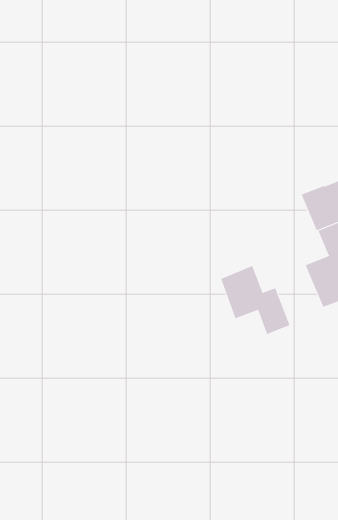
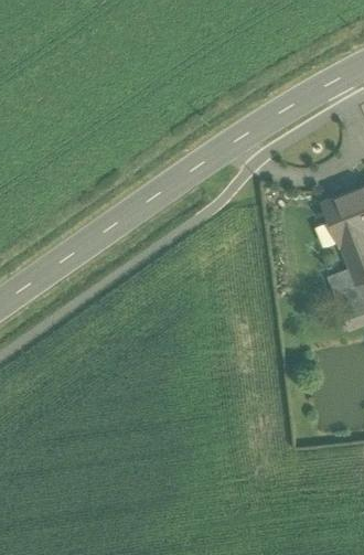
building: [220,265,290,335] -> none

